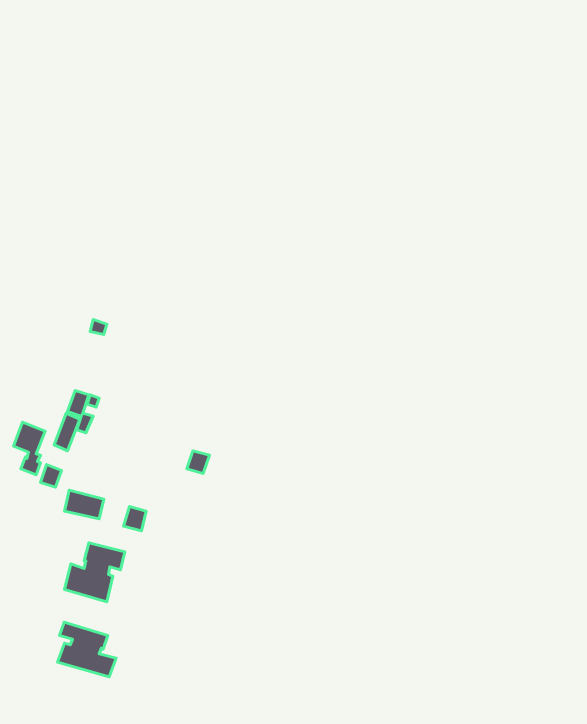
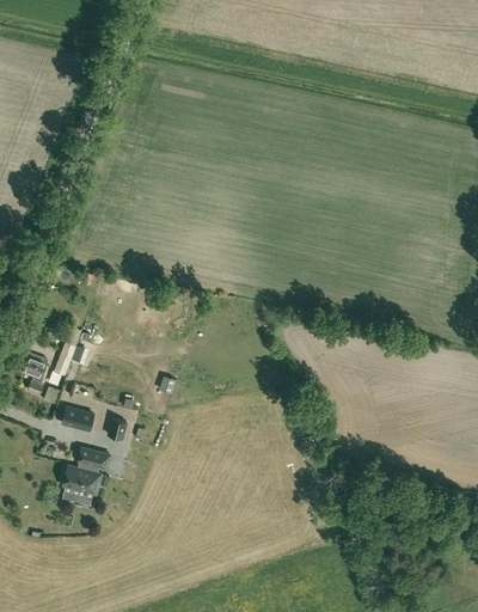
building: [58,622,116,677] -> none

